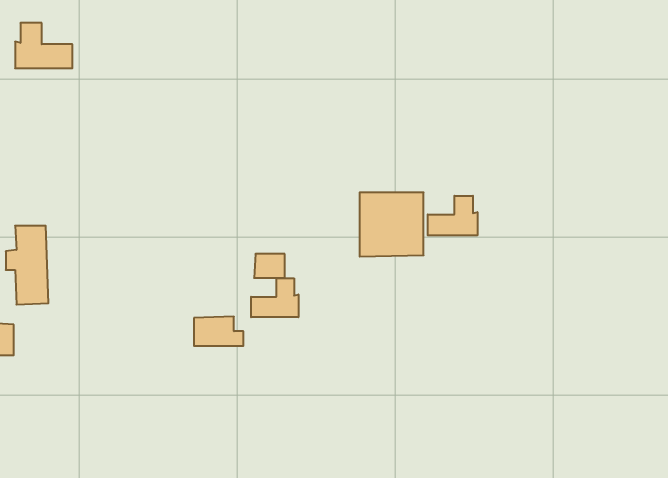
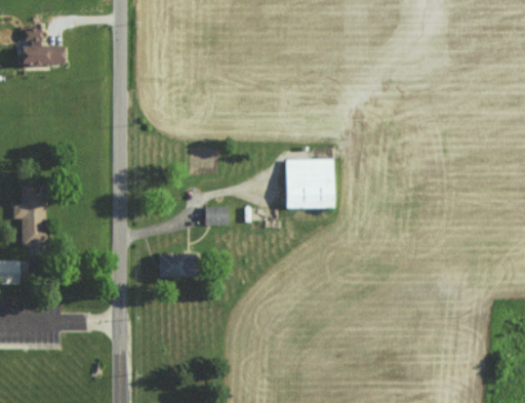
building: [428,196,477,235] -> none
building: [251,278,298,317] -> none

